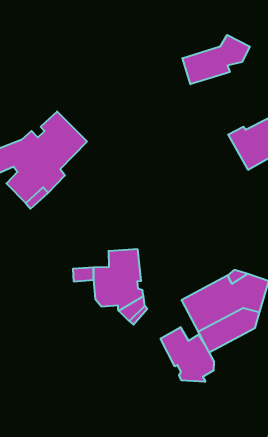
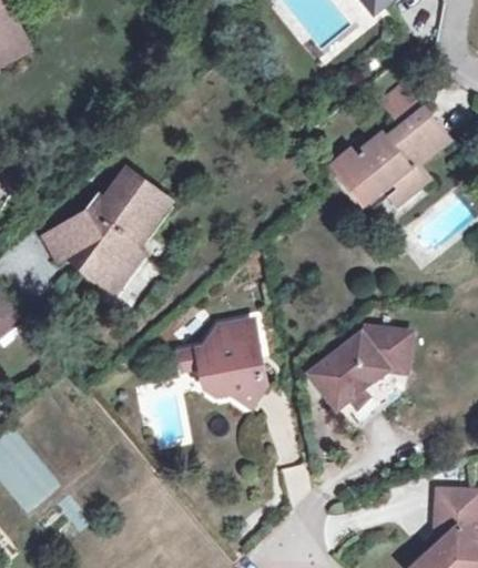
building: [182,35,250,84] -> none
building: [161,327,214,382] -> none

